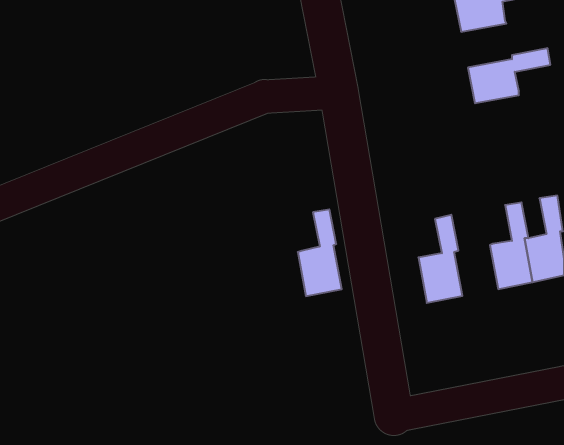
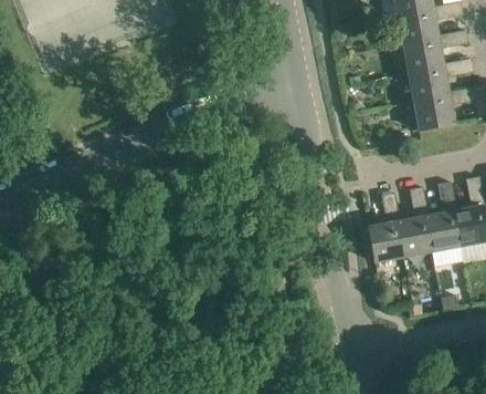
building: none -> [402,30,468,73]
building: none -> [413,86,479,131]
building: [298,209,342,296] -> [397,187,432,257]

